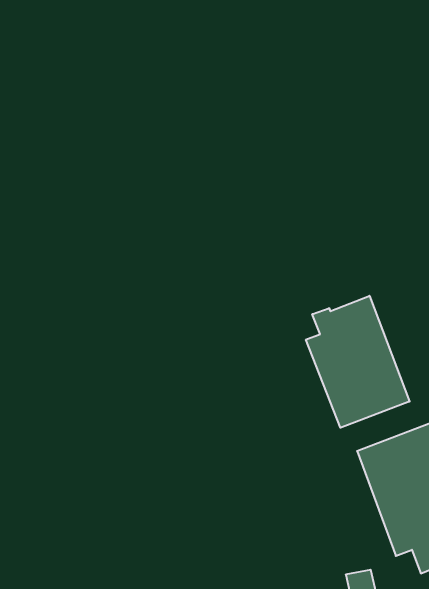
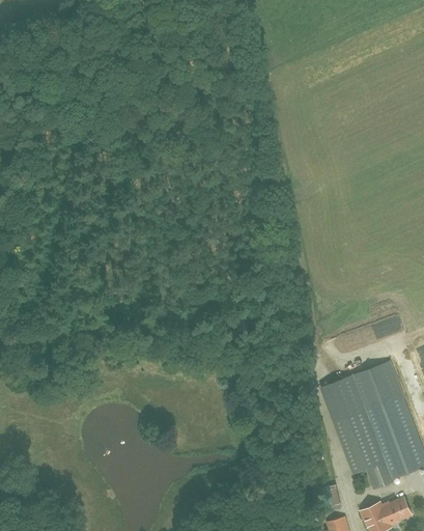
building: [306,296,410,428] -> none

